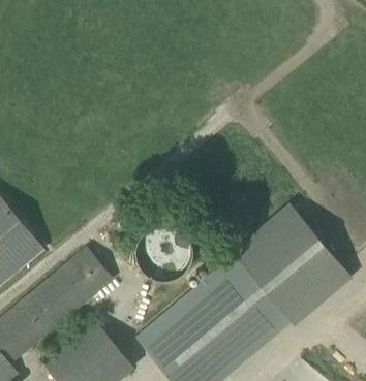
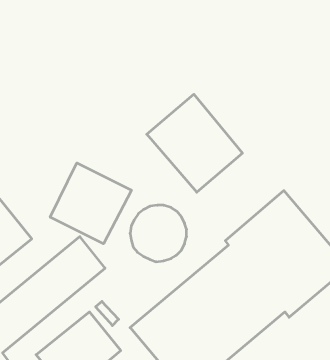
building: none -> [147,94,242,192]
building: none -> [50,163,131,244]

